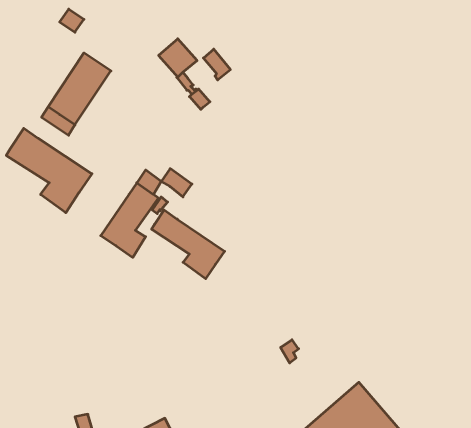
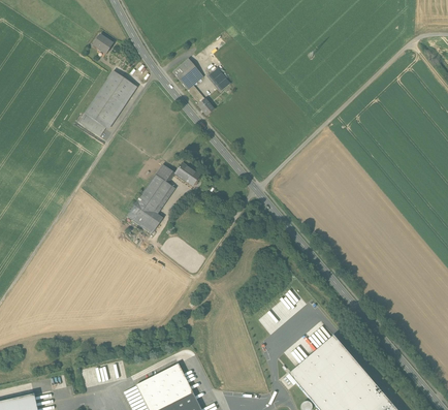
building: [6,128,92,213] -> none
building: [152,210,225,279] -> none

